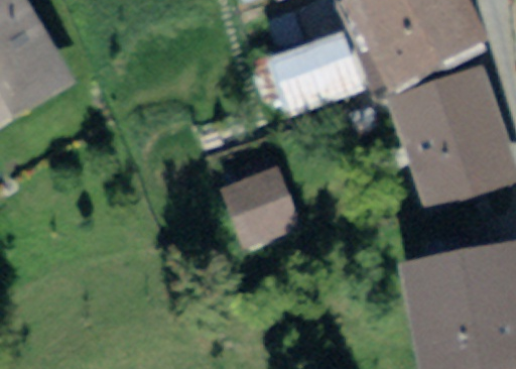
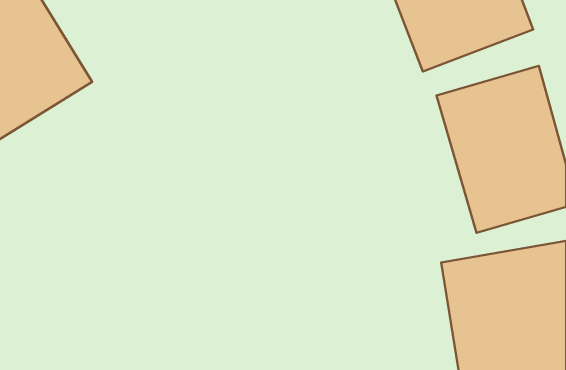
building: [277,35,365,121] -> none
building: [221,150,298,230] -> none

